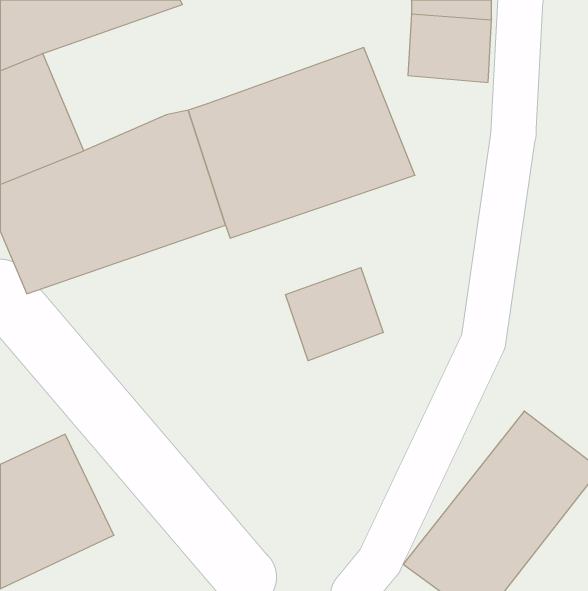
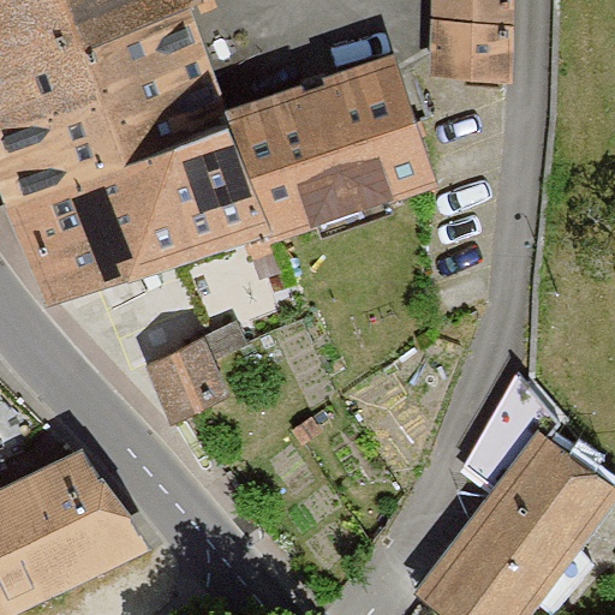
building: none -> [50,7,221,159]
building: [286,268,383,361] -> none
building: none -> [130,335,225,428]

